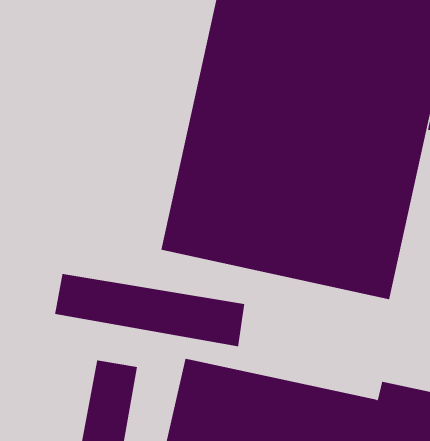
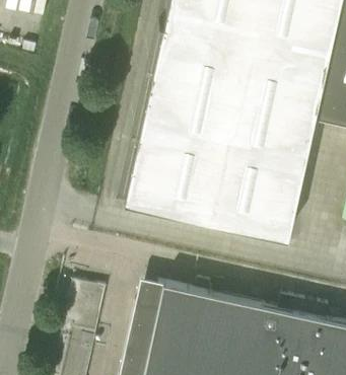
building: [55,273,245,347] -> none

